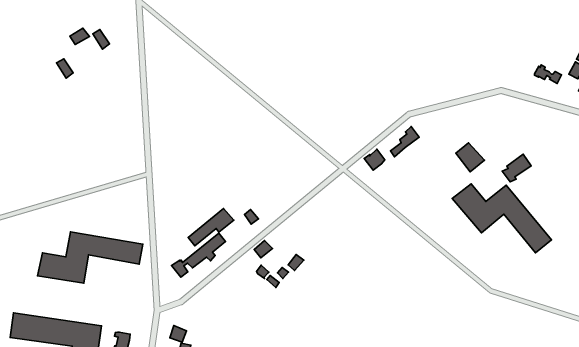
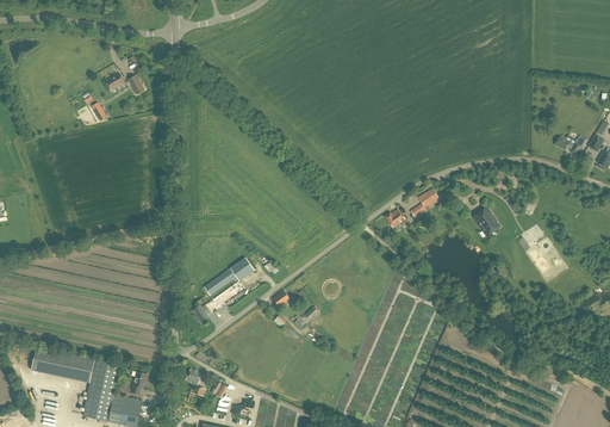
building: [452,184,552,253] -> none
building: [38,232,143,283] -> none

